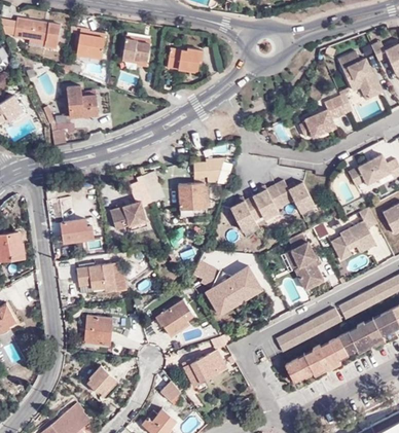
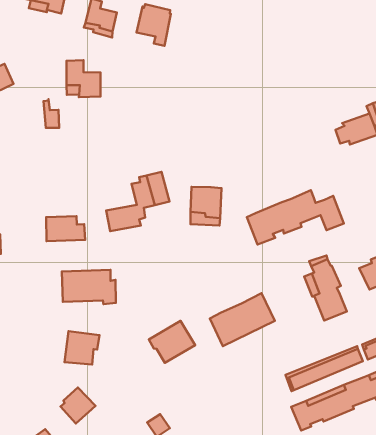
building: [169,46,203,72] -> none
building: [196,159,226,184] -> none
building: [192,265,232,290] -> none
building: [181,351,225,386] -> none

